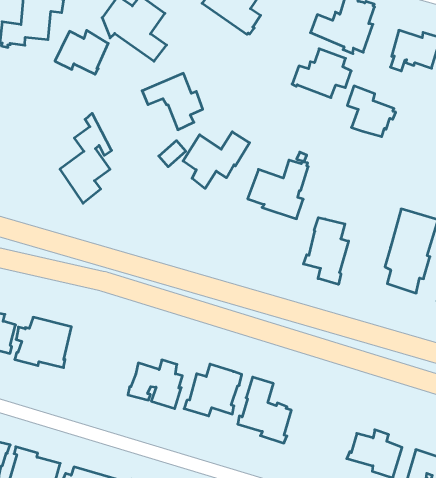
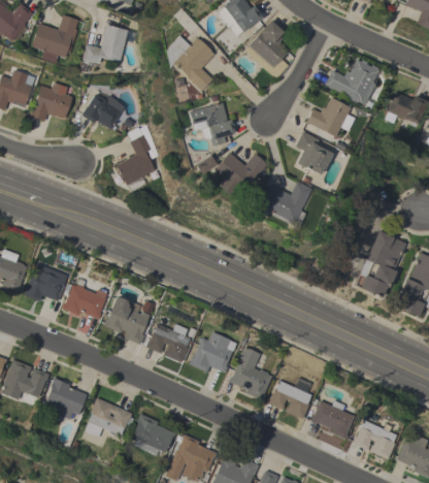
building: [55,30,108,74] -> [81,93,125,129]
building: [347,86,396,137] -> [296,131,333,173]
building: [303,218,349,284] -> none
building: none -> [103,295,154,344]
building: none -> [268,377,312,418]

